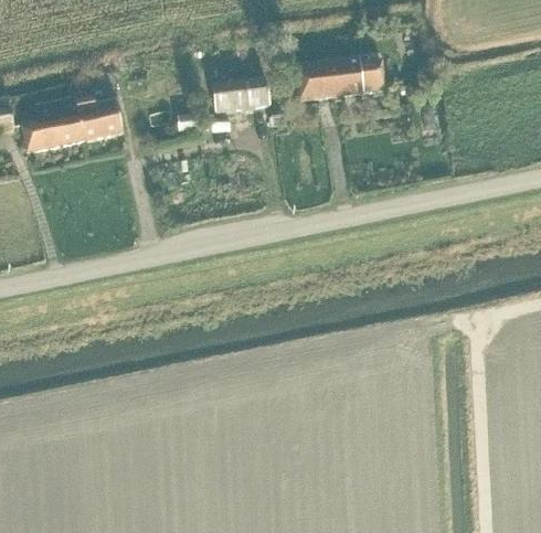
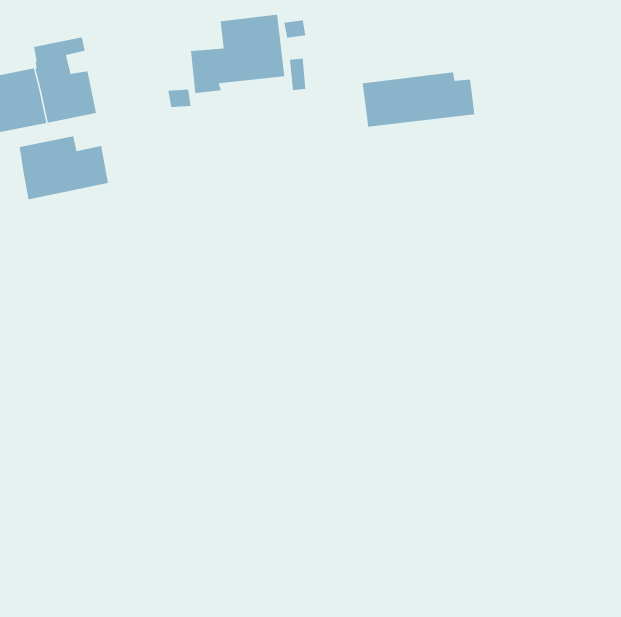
building: [296,56,384,99] -> [362,72,475,127]
building: none -> [19,136,108,200]

